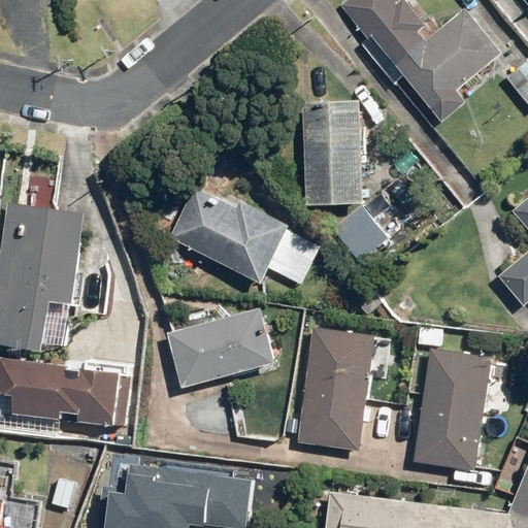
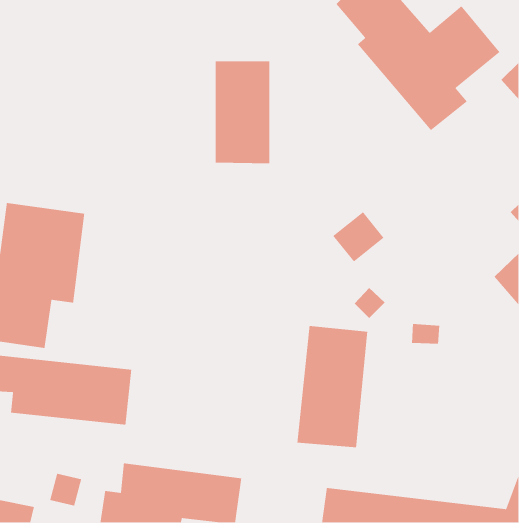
building: [304,102,360,206] -> [215,61,270,164]
building: [174,183,320,286] -> none
building: [166,307,275,389] -> none
building: [414,352,507,471] -> none

